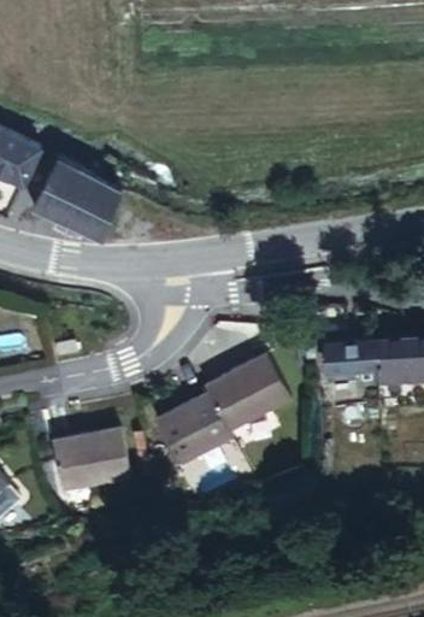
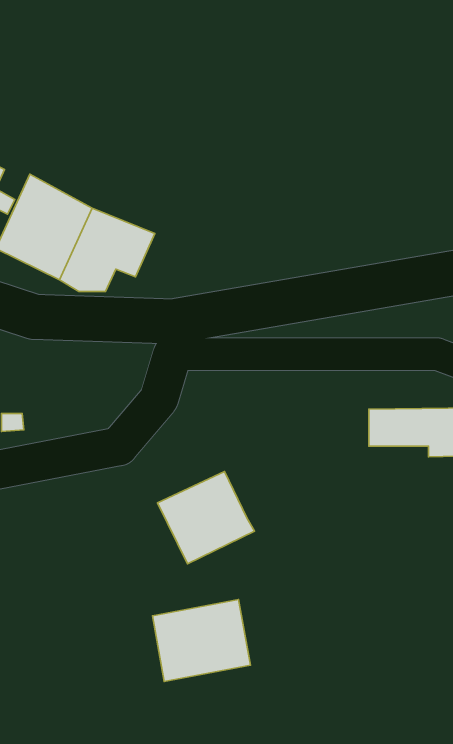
building: [210,352,295,428] -> none
building: [53,424,132,490] -> [152,600,251,681]

